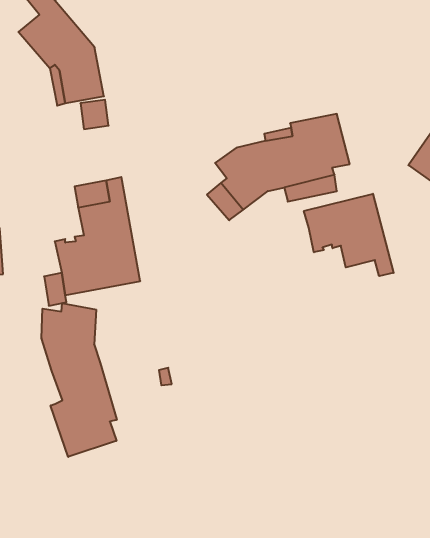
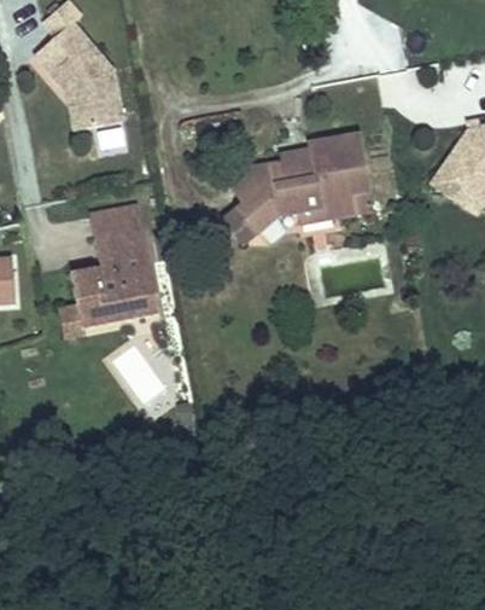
building: [304,194,394,276] -> none
building: [42,303,117,457] -> none

